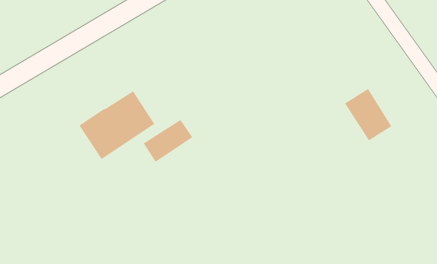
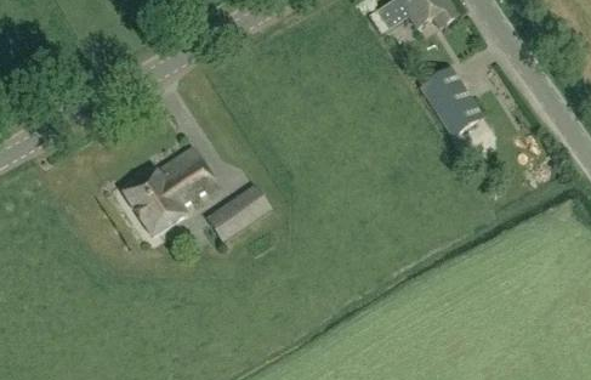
building: [344,88,392,141] -> [419,67,481,135]

